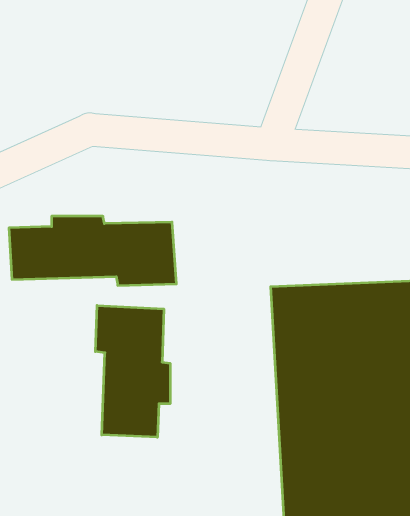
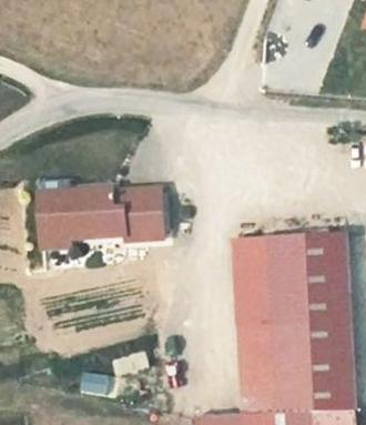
building: [95,305,170,437] -> none

